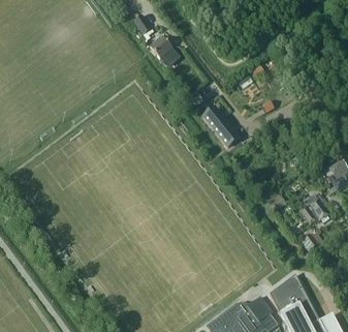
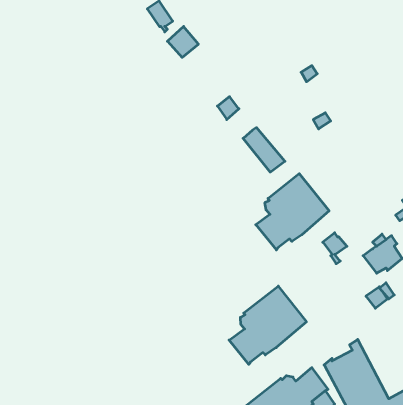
building: none -> [256,174,329,250]
building: none -> [229,286,306,364]

